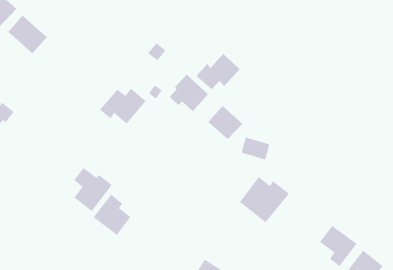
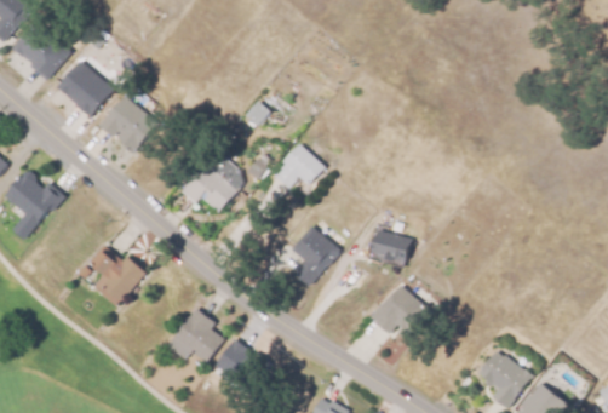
building: none -> [99,99,153,151]
building: [196,53,241,90] -> none
building: [207,105,243,140] -> [291,225,339,273]
building: [73,167,113,212] -> [92,246,145,306]
building: none -> [214,339,256,382]

